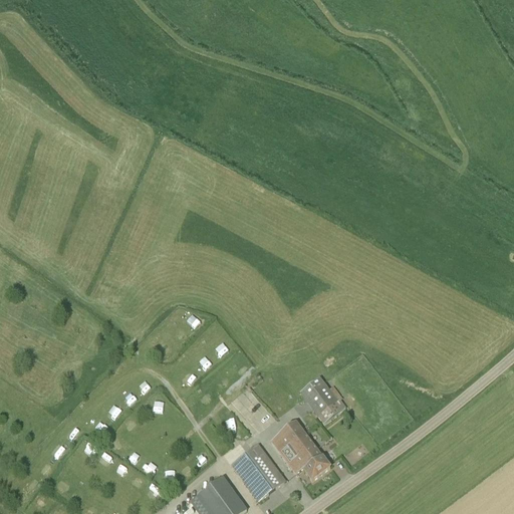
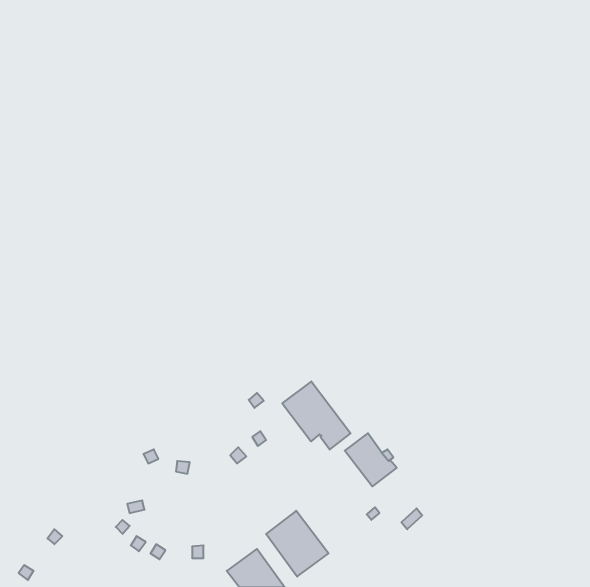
building: [270,422,329,481] -> [282,381,351,450]

